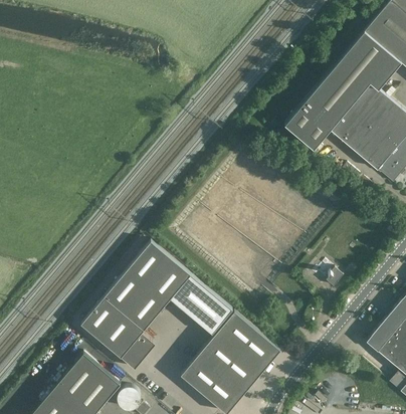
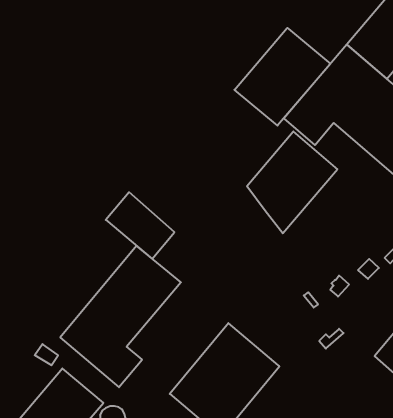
building: none -> [234,28,330,126]
building: none -> [247,131,337,233]
building: [170,274,232,335] -> [106,192,174,259]

